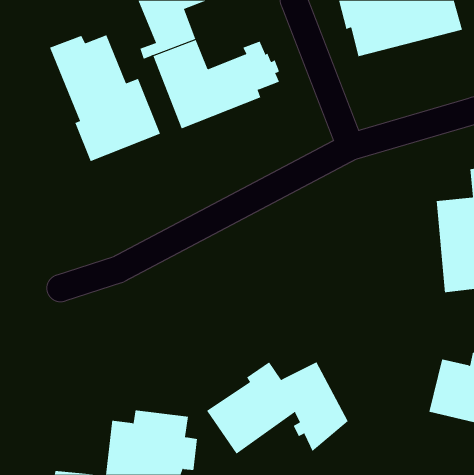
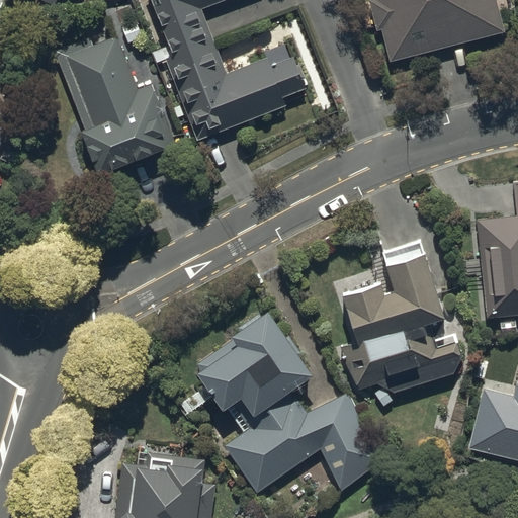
building: none -> [337,240,462,406]
building: none -> [197,312,314,416]

